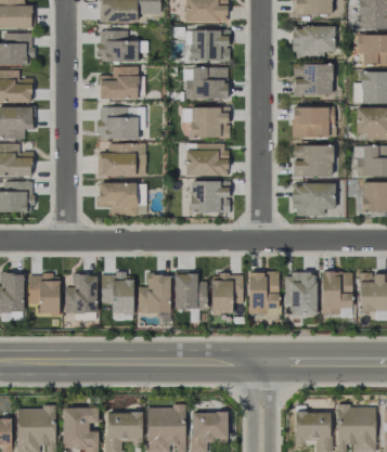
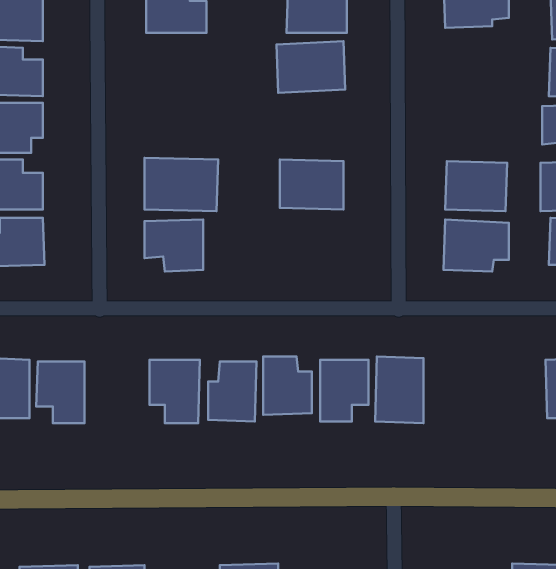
building: [292,64,332,94] -> none
building: [100,66,138,99] -> none
building: [190,106,229,138] -> none
building: [292,106,334,137] -> none
building: [98,107,144,139] -> none
building: [190,180,229,211] -> none
building: [321,271,351,314] -> none
building: [284,272,317,315] -> none
building: [65,274,96,313] -> none

